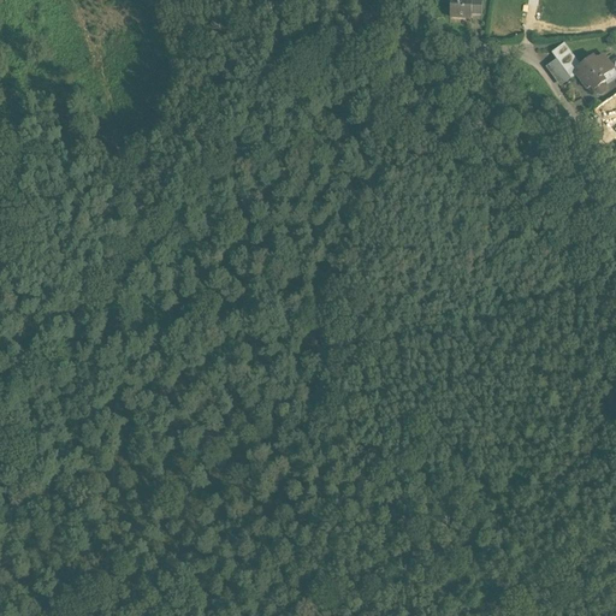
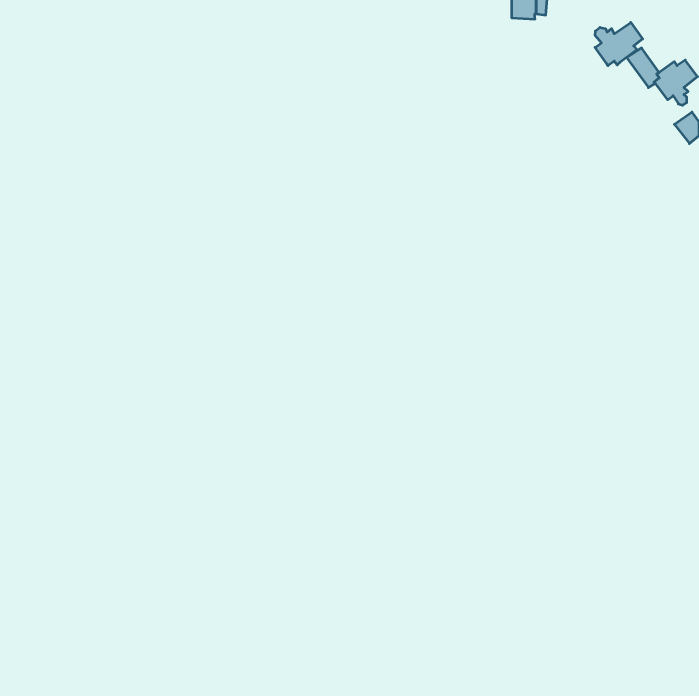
building: none -> [595,22,643,66]

